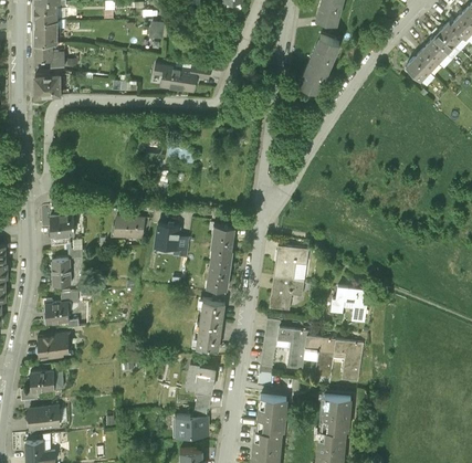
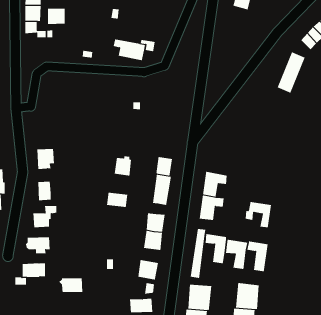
building: [297,39,336,95] -> [277,52,305,93]
building: [34,72,59,94] -> [47,8,65,25]
building: [114,218,144,239] -> [106,192,128,208]
building: [27,406,60,425] -> [59,278,83,293]

